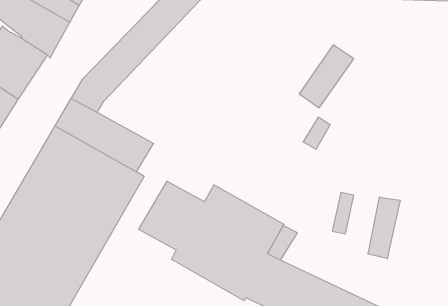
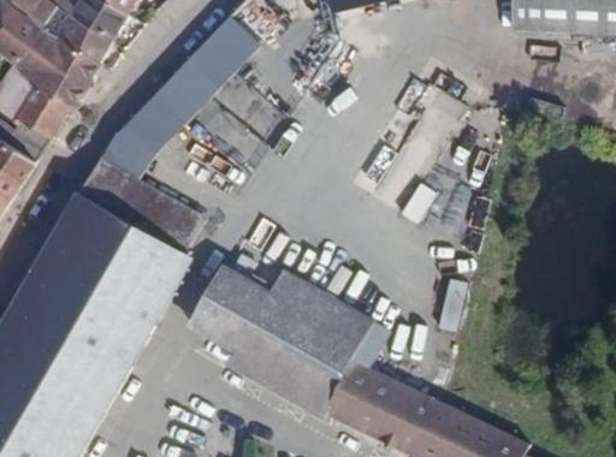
building: [368,197,400,259] -> none

